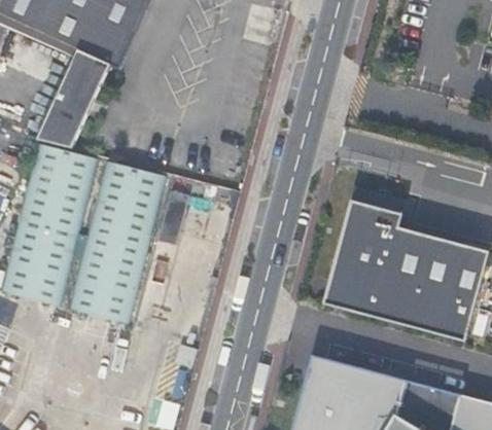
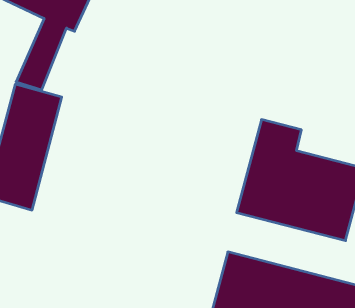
building: [71,162,169,323] -> none

